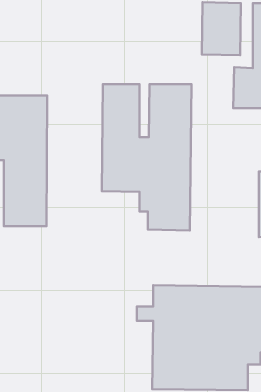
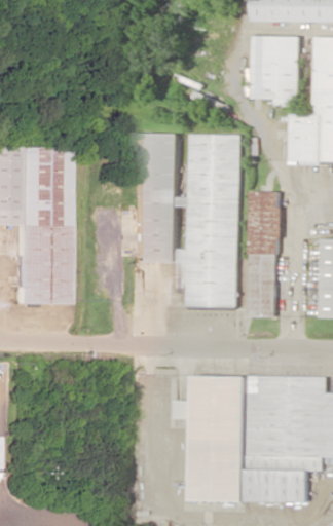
building: none -> [251,191,280,316]

